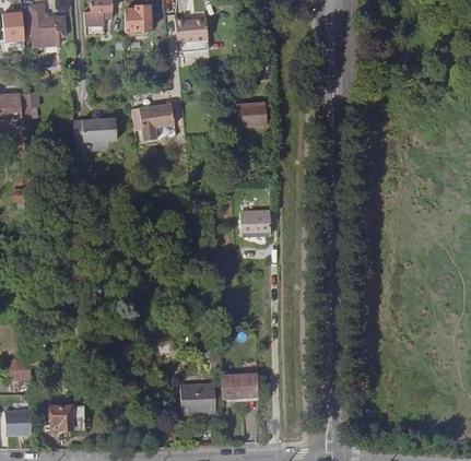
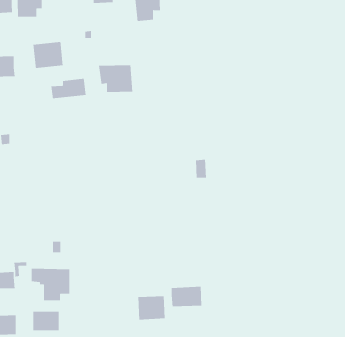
building: none -> [33,41,63,69]
building: [236,108,266,131] -> none
building: none -> [31,268,70,301]

